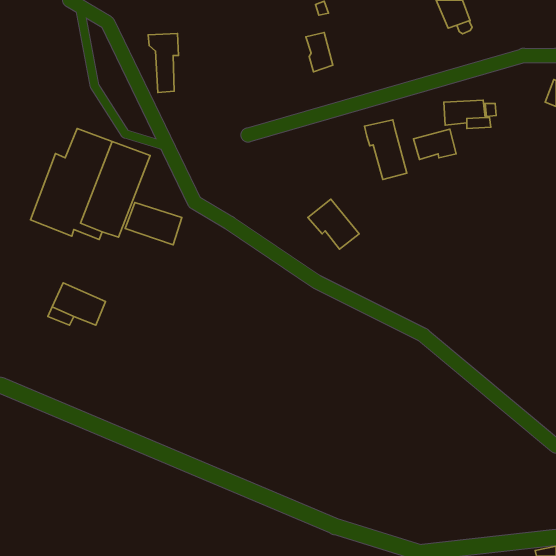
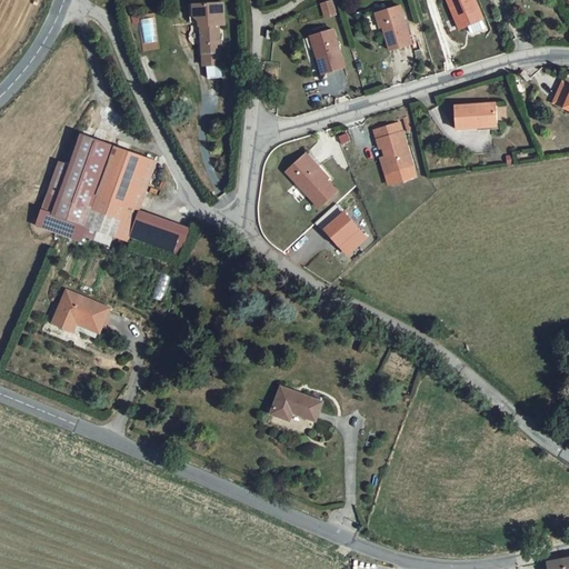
building: none -> [377,8,410,51]
building: [148,34,178,92] -> [191,6,222,66]
building: [414,129,456,159] -> none
building: none -> [286,152,335,207]
building: none -> [271,386,320,418]

